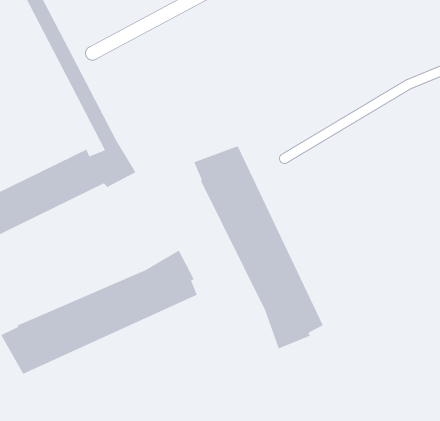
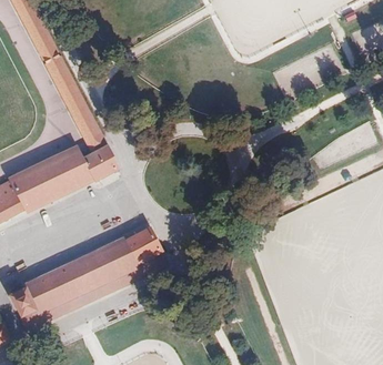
building: [193,145,324,349] -> none

